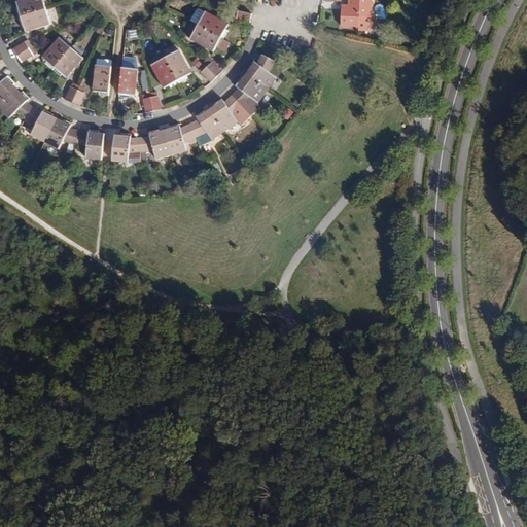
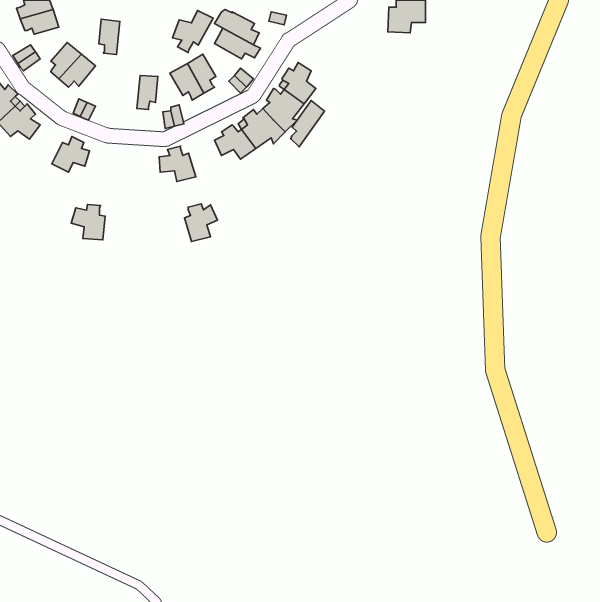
building: none -> [173,11,213,53]
building: [94,63,112,94] -> [99,19,120,54]
building: none -> [291,100,324,147]
building: [26,109,55,143] -> none
building: [165,121,194,154] -> [185,204,218,241]
building: [74,129,104,160] -> [71,204,105,240]
building: [112,132,140,162] -> none

